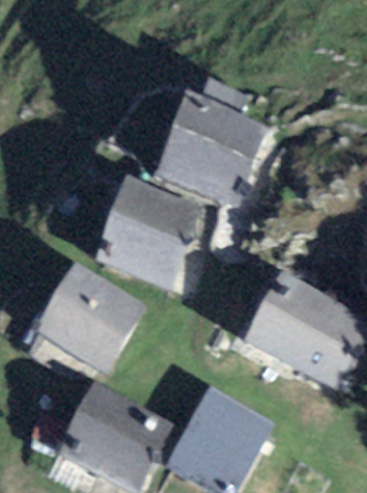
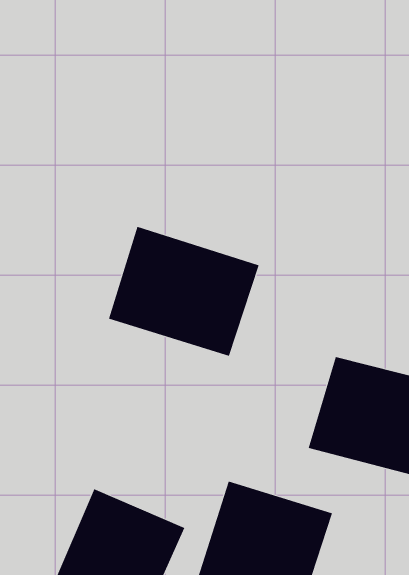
building: [148,101,265,201] -> none
building: [23,262,143,368] -> none

